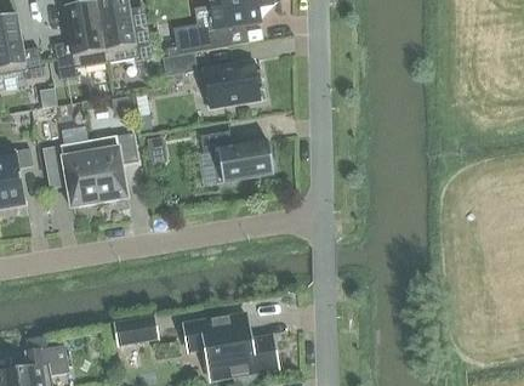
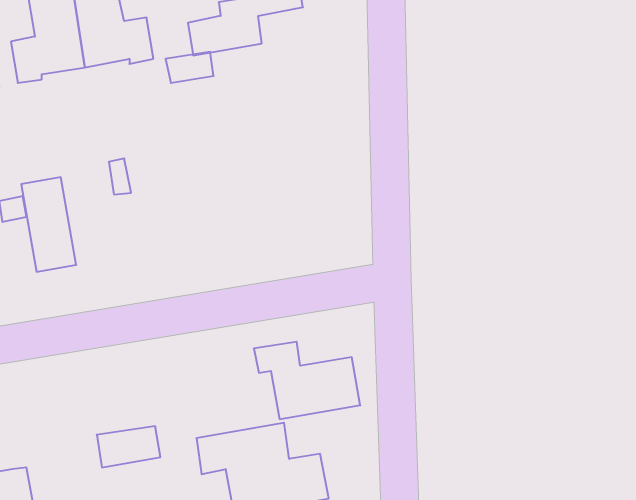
building: [203,59,262,107] -> none
building: [198,127,273,182] -> [254,342,360,419]
building: [87,135,126,201] -> none

